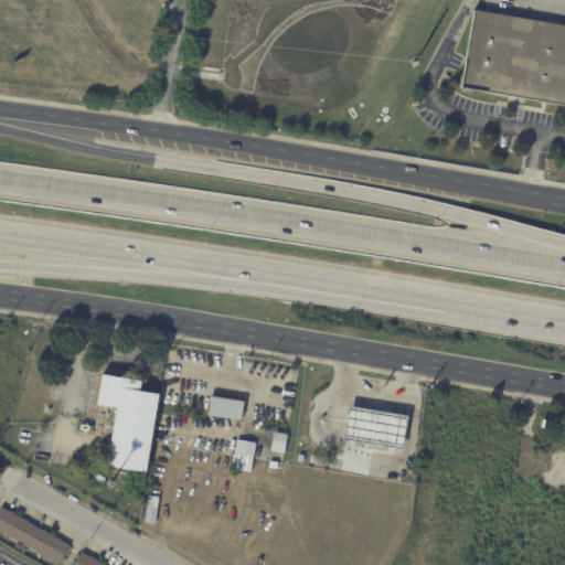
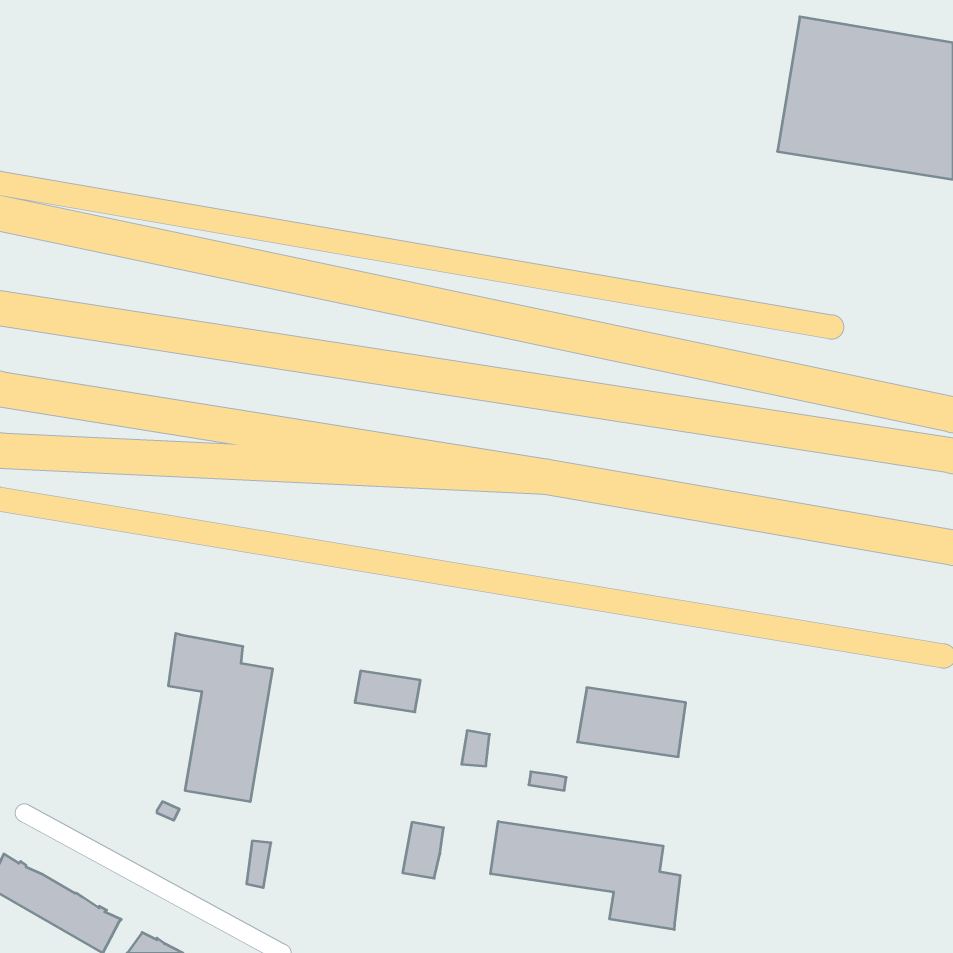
building: [232,439,256,472] -> [403,822,444,878]
building: none -> [491,821,680,930]

